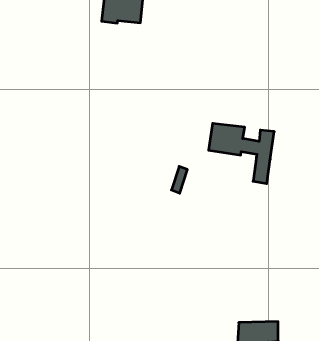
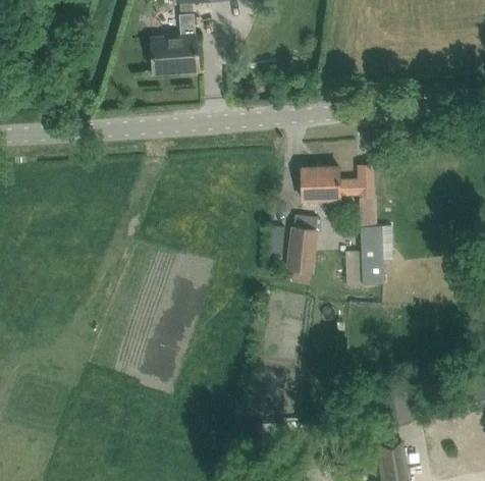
building: none -> [288,217,318,274]
building: none -> [360,228,384,286]

